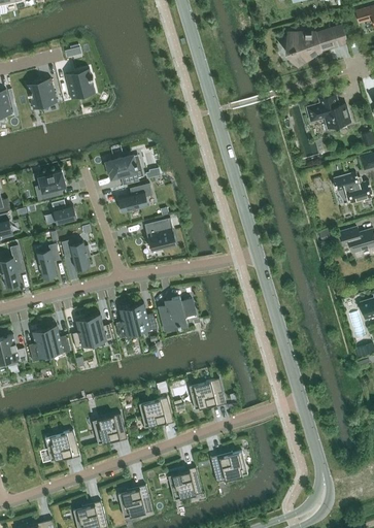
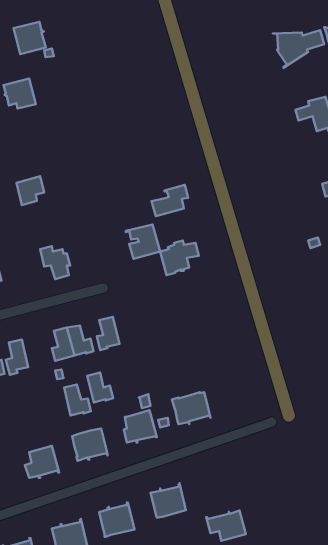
building: [64,69,95,100] -> [14,22,46,54]
building: [105,157,143,180] -> none
building: [116,184,151,213] -> [152,185,188,216]
building: [50,200,75,225] -> none
building: [35,244,60,279] -> none
building: [158,298,195,331] -> [160,241,199,275]
building: [131,304,156,333] -> [87,372,113,403]
building: [43,326,69,356] -> [64,384,91,416]
building: [209,452,247,481] -> [206,511,246,541]

